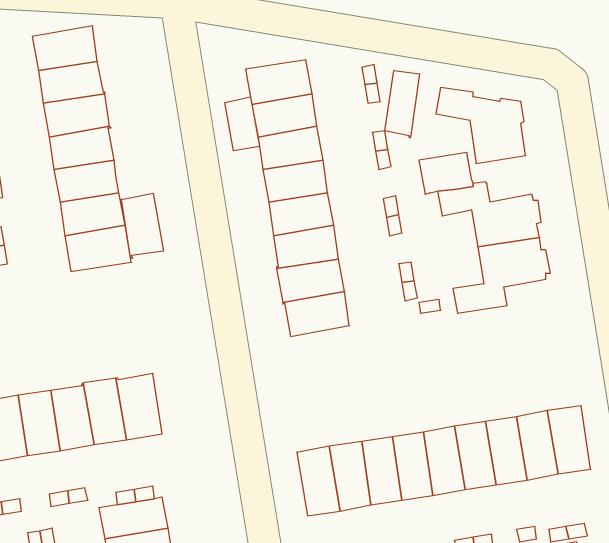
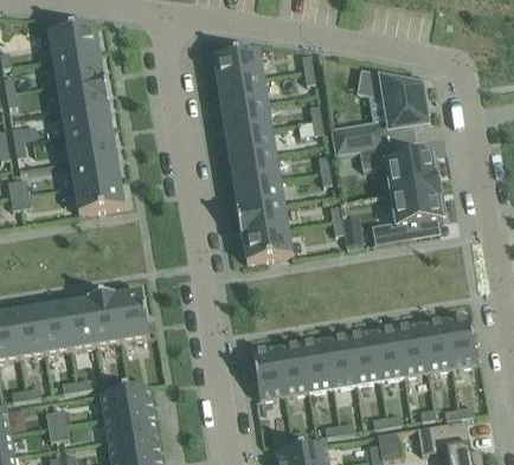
building: [385,71,420,138] -> none
building: [225,97,259,151] -> none
building: [121,193,164,258] -> none

